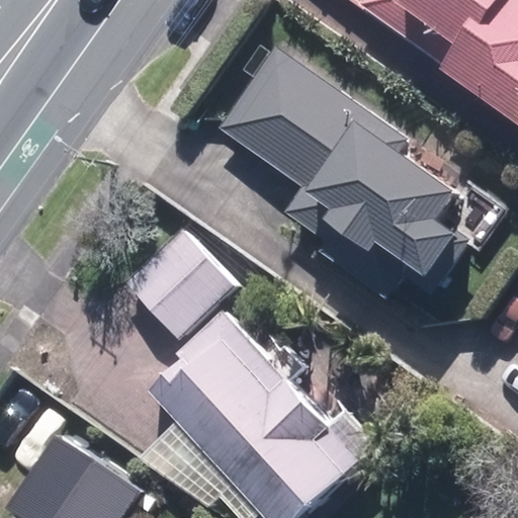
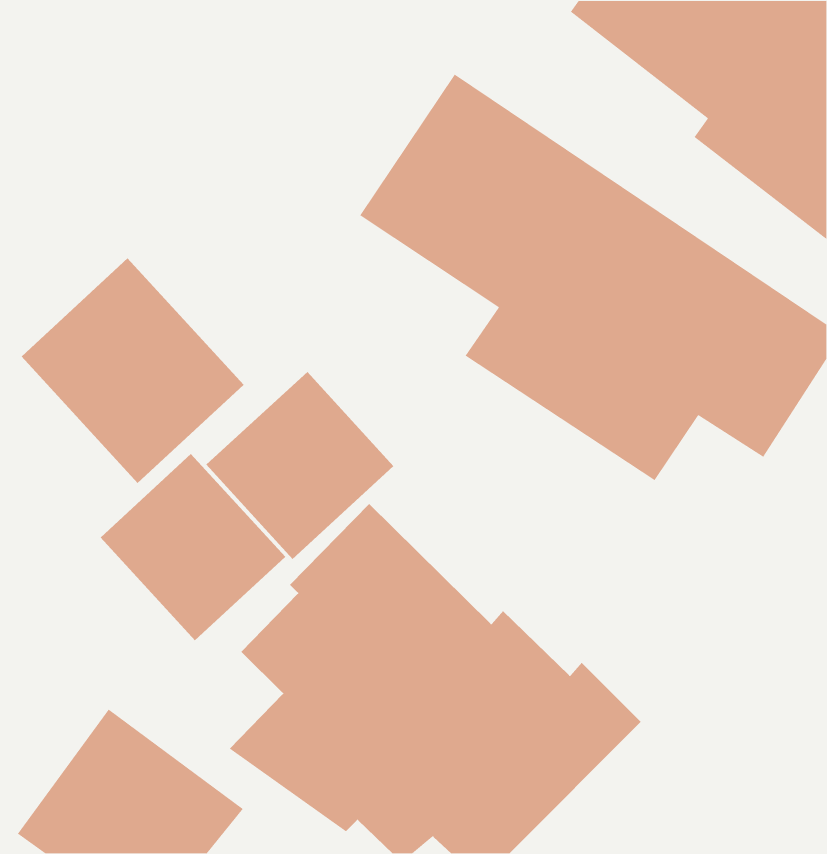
building: none -> [21,258,244,484]
building: none -> [100,453,286,641]

